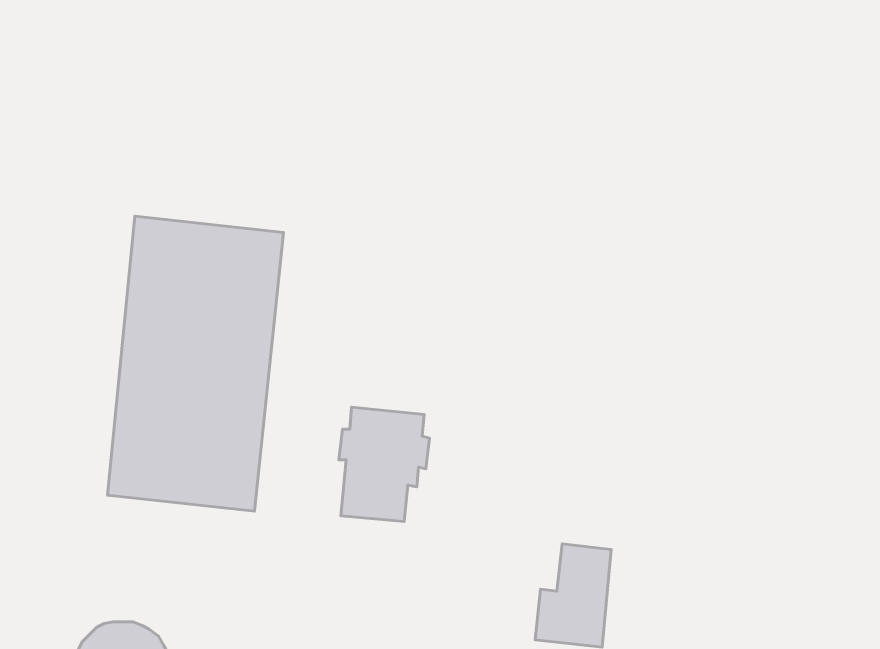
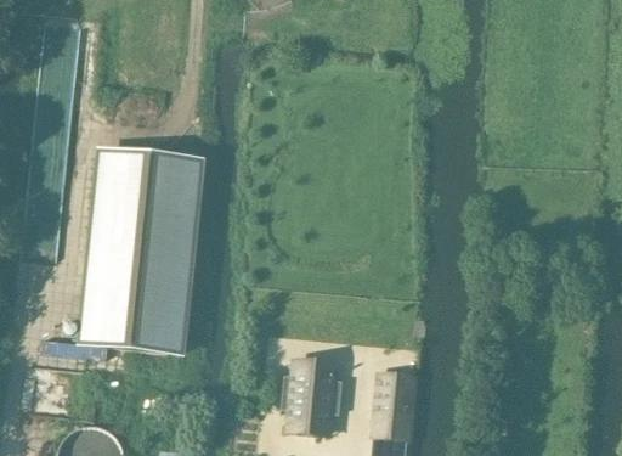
building: [339,407,430,521] -> [282,360,343,437]

